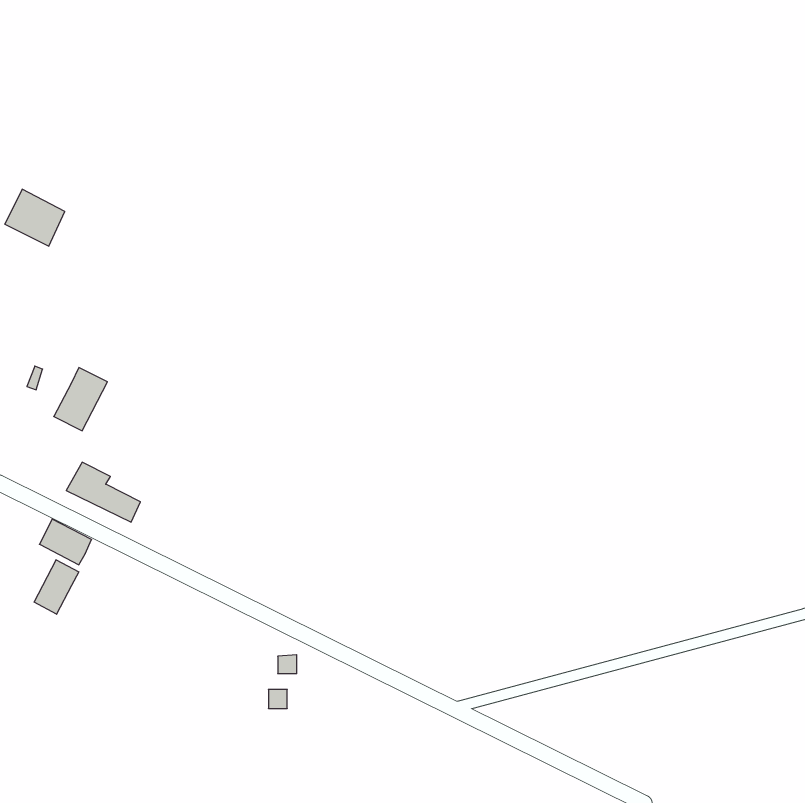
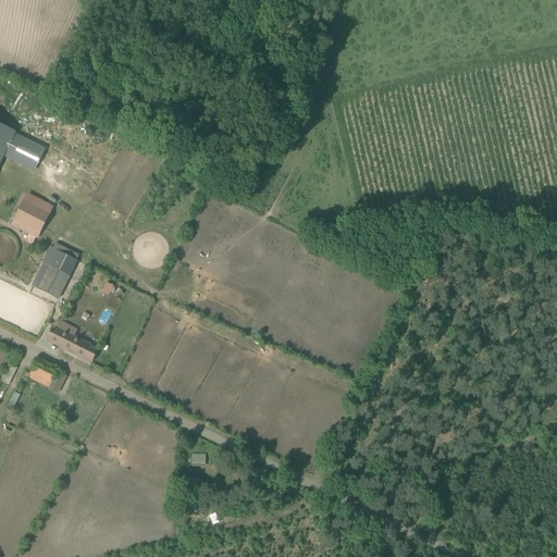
building: none -> [14,200,47,231]
building: [34,560,79,614] -> none

